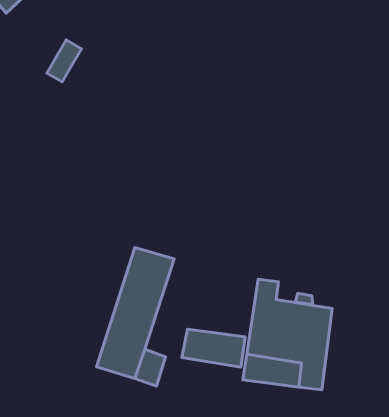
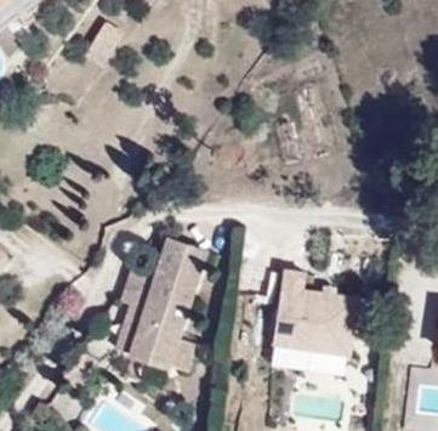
building: [182,329,245,367] -> none

